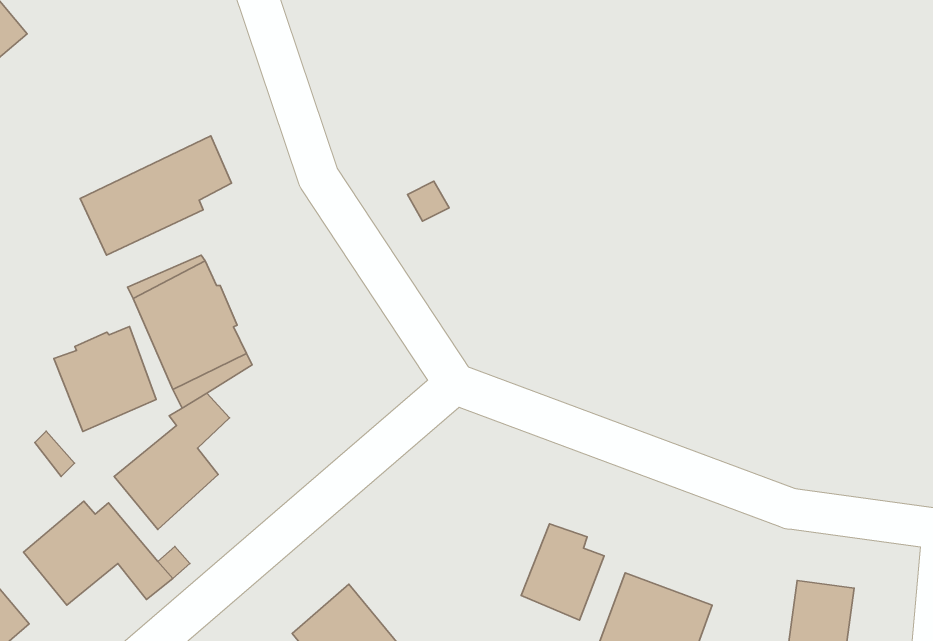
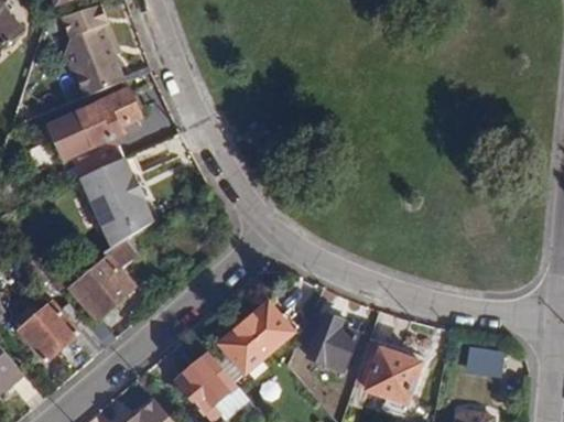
building: none -> [58,26,126,98]
building: [54,327,156,432] -> none
building: none -> [219,300,293,371]

